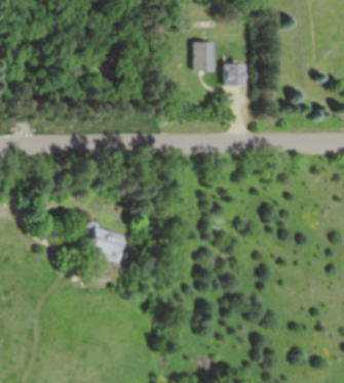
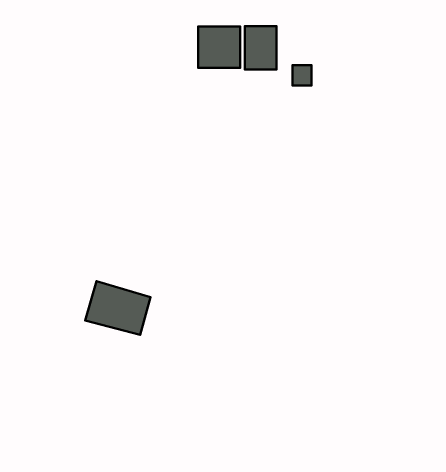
building: none -> [198,27,240,68]

